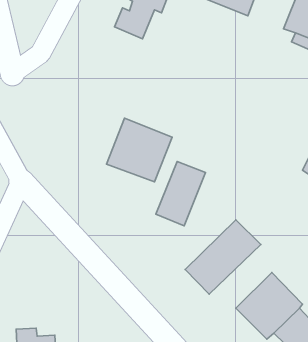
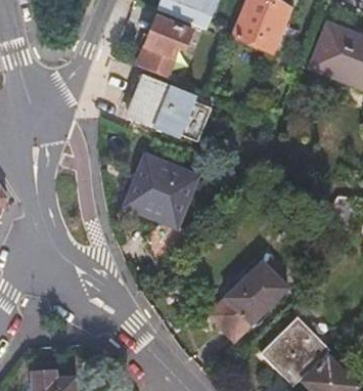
building: none -> [127,76,210,140]
building: [156,161,205,226] -> none

